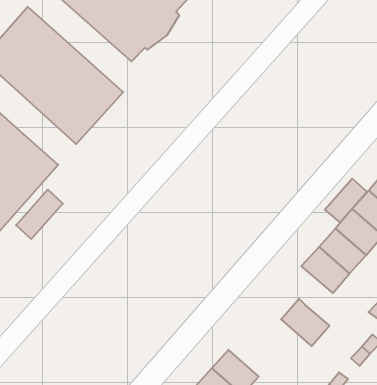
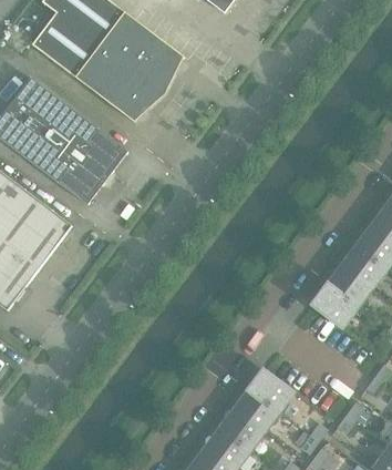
building: [325,179,367,222] -> none
building: [16,190,63,239] -> none
building: [281,299,329,346] -> [247,368,293,412]

